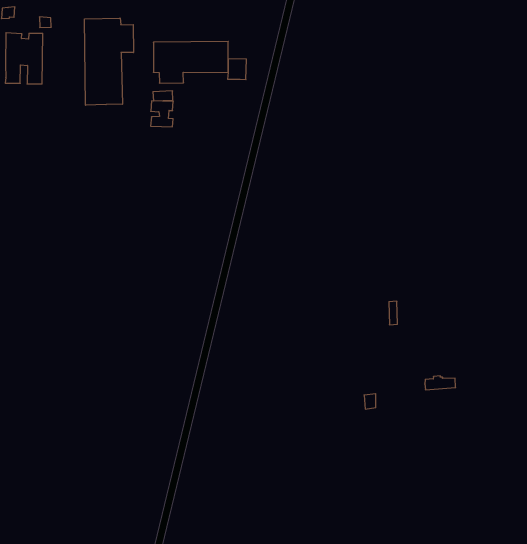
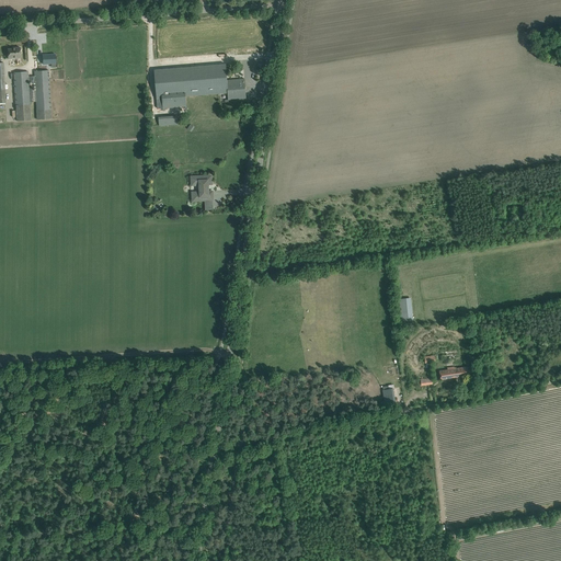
building: [85,18,133,105] -> none
building: [151,101,173,127] -> [191,174,213,199]

